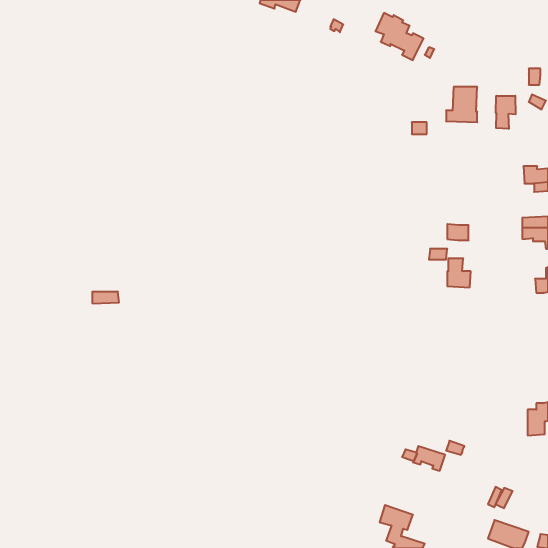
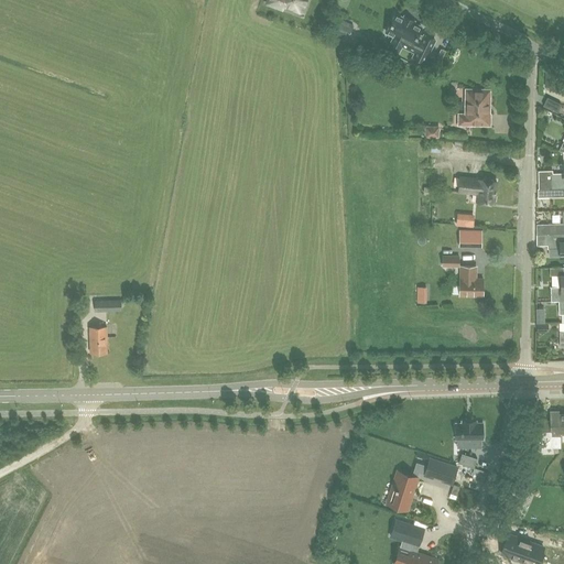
building: [496,96,516,129] -> none
building: none -> [458,176,496,204]
building: none -> [89,326,108,352]
building: none -> [455,423,482,447]
building: none -> [387,470,416,508]

